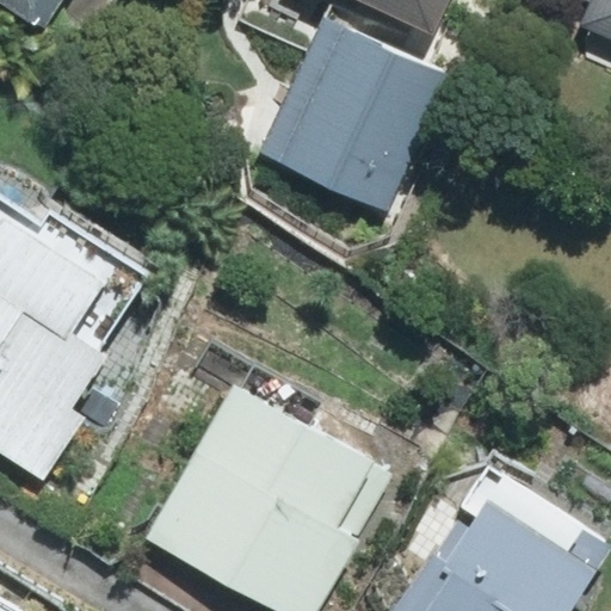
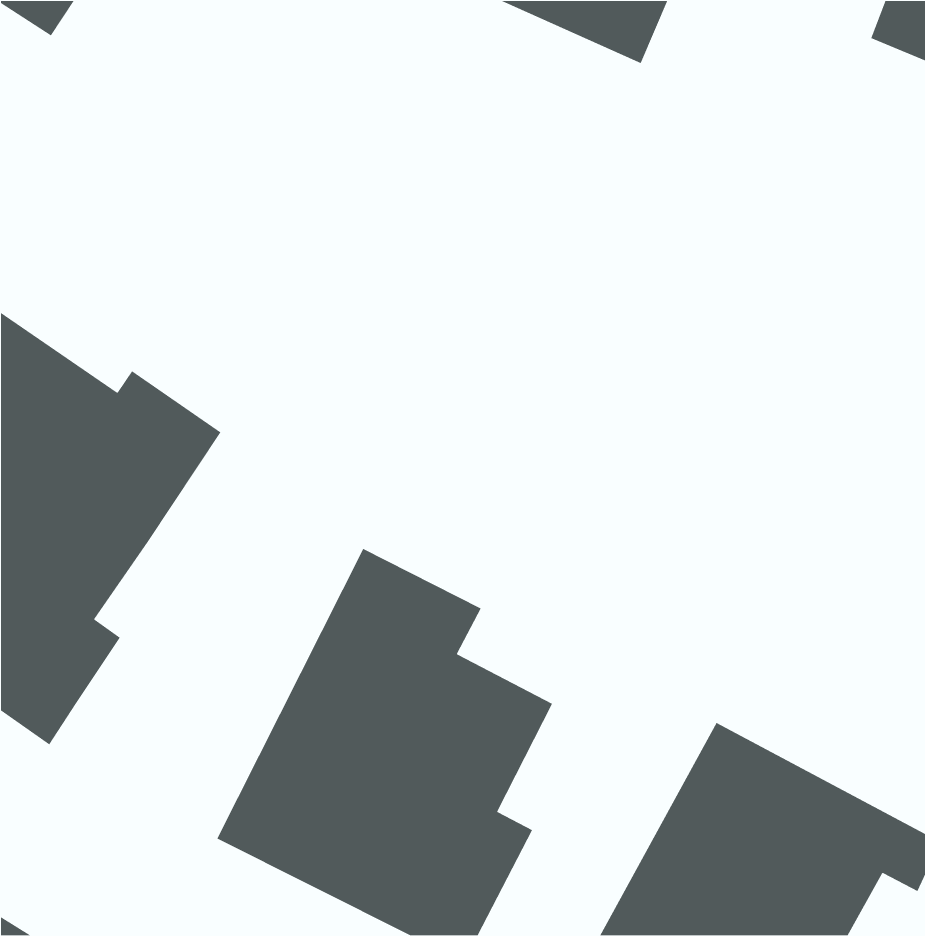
building: [259,12,450,209] -> none

